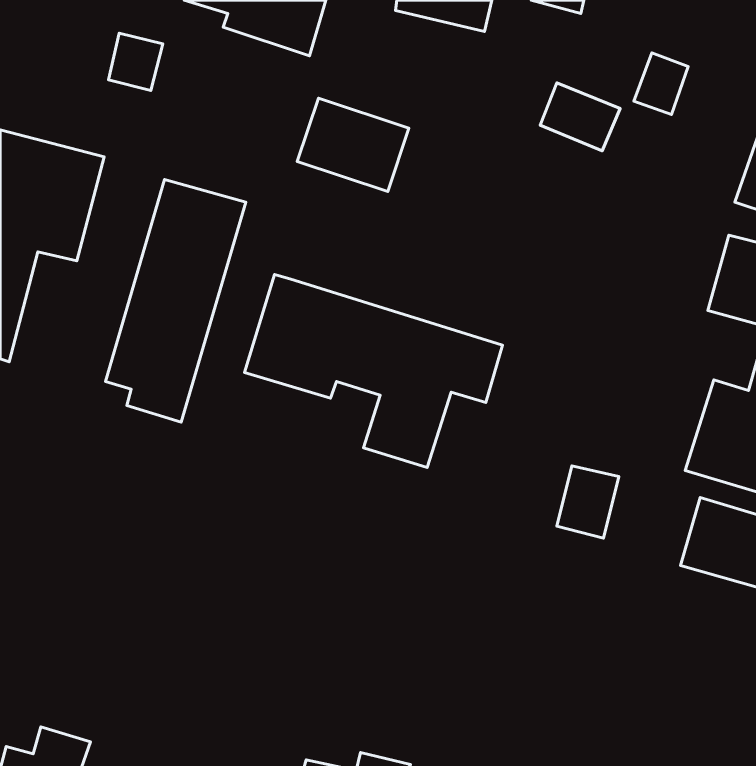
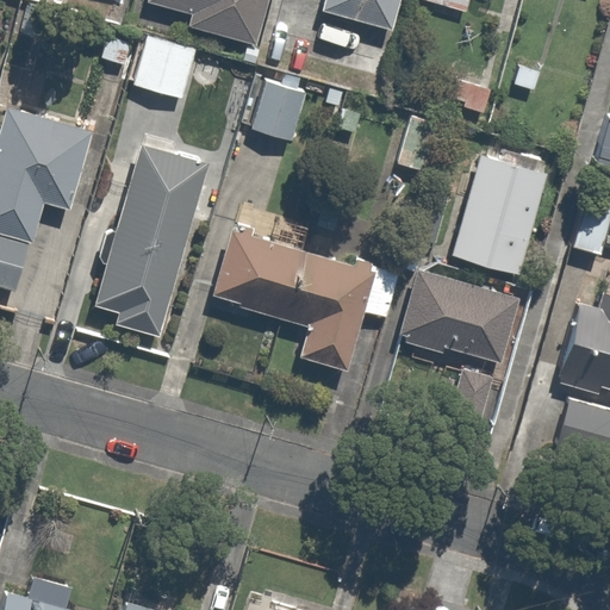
building: none -> [135,32,200,100]
building: none -> [450,141,550,274]
building: none -> [398,270,517,367]

